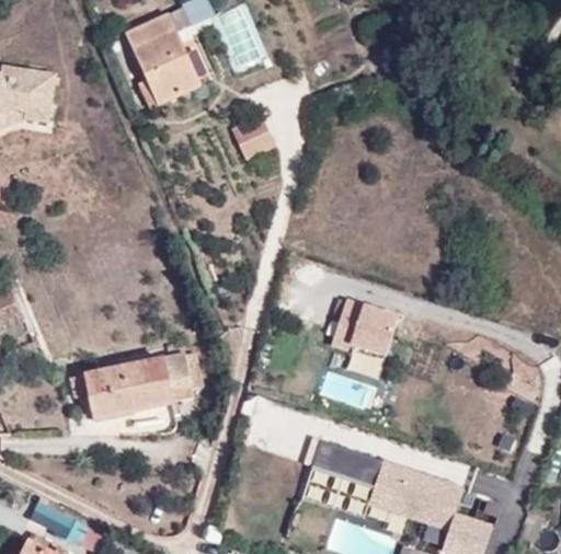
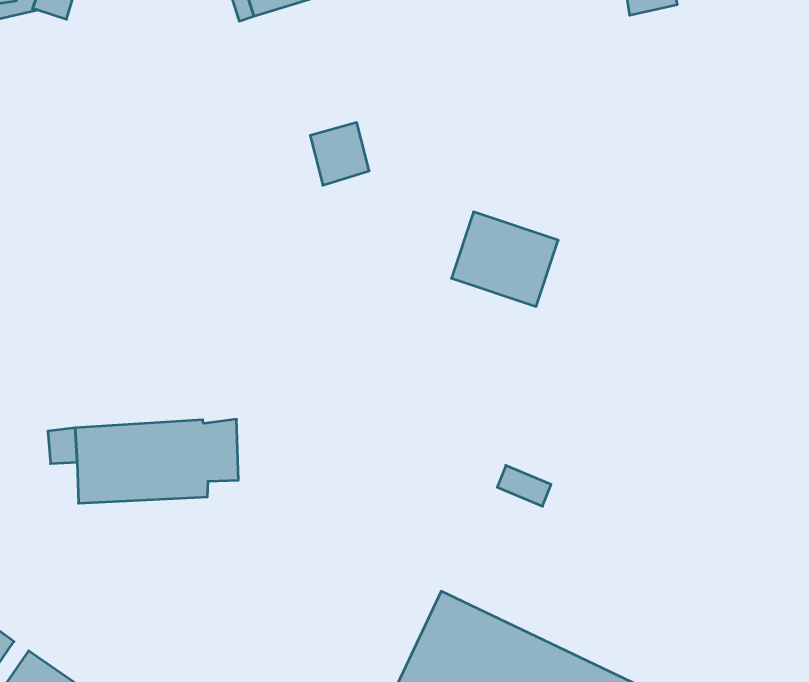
building: [234,117,274,159] -> [310,123,369,185]
building: [336,309,399,361] -> [451,212,558,306]

